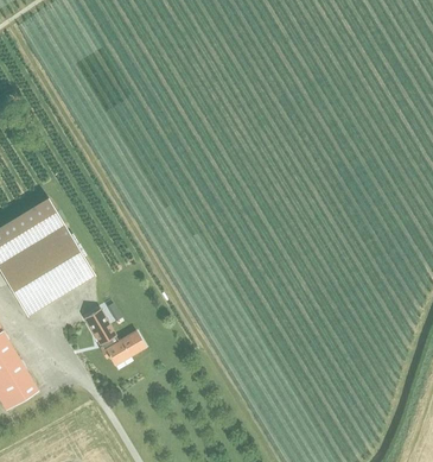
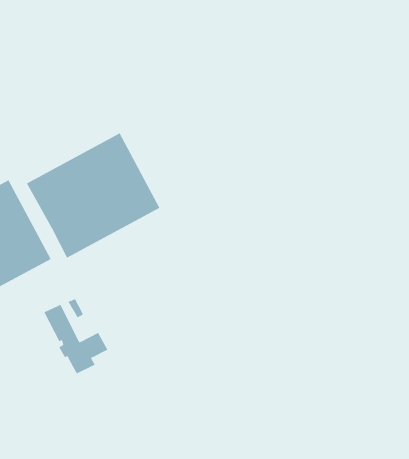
building: none -> [26,133,160,259]

